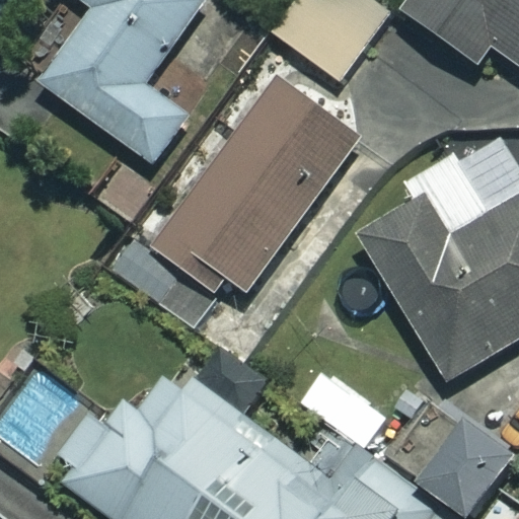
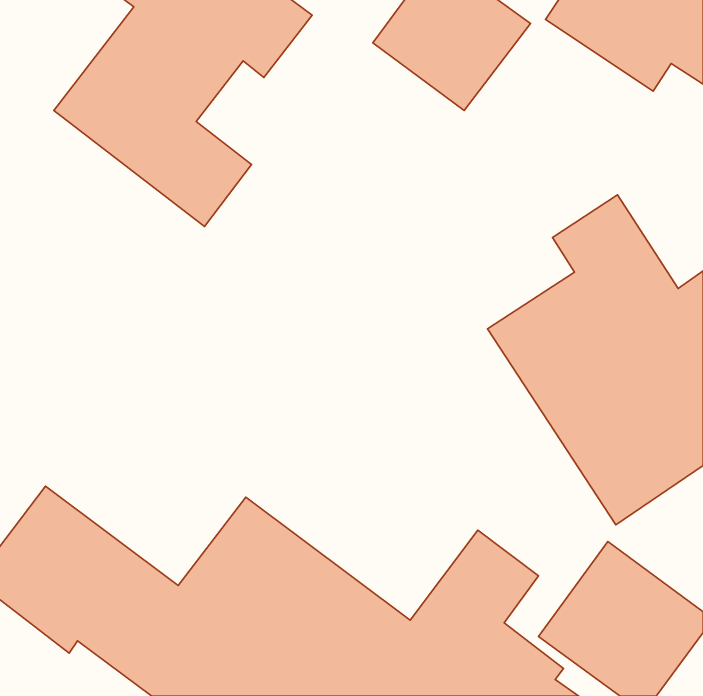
building: [162,86,350,303] -> none

